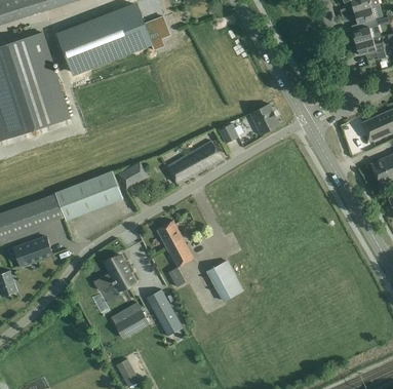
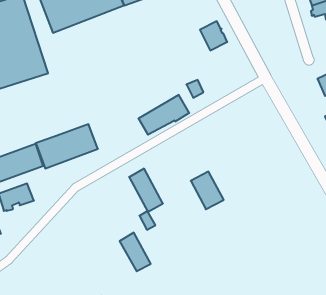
building: [249,104,279,135] -> [200,21,227,50]
building: [117,162,148,189] -> none
building: [93,255,134,290] -> none
building: [206,262,242,303] -> [191,172,224,209]
building: [115,310,148,338] -> none

